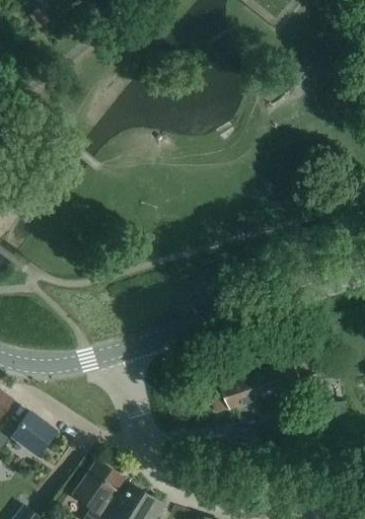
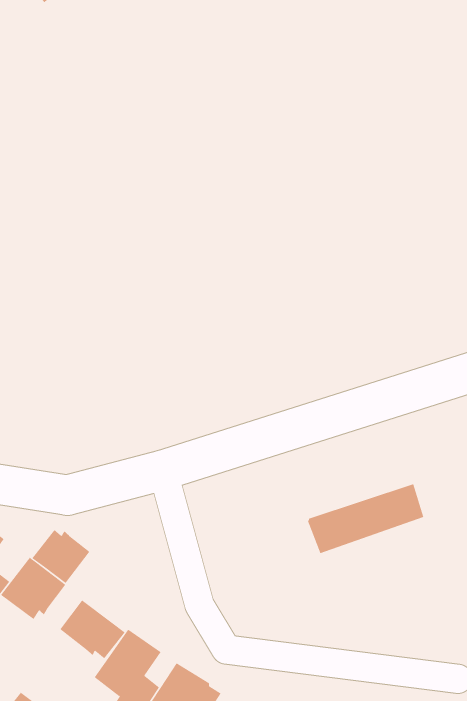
building: none -> [32,529,90,584]
building: none -> [59,600,125,659]

